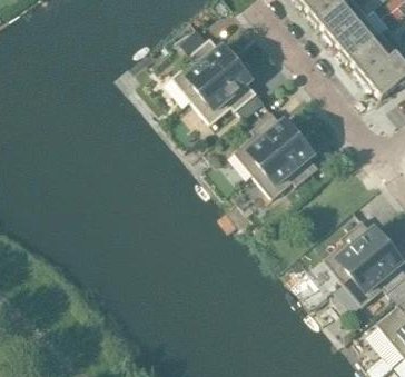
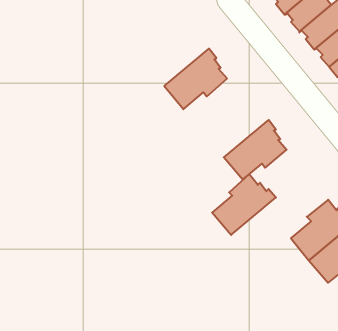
building: [174,28,239,99] -> none
building: [235,110,302,173] -> [212,174,276,235]

